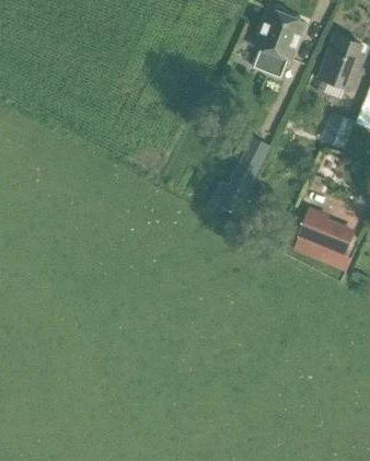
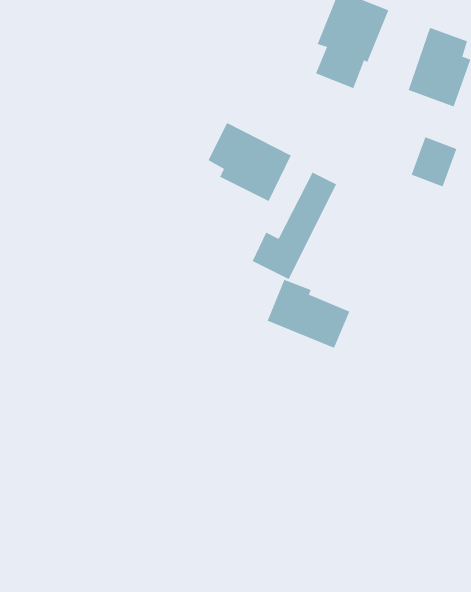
building: none -> [208,122,292,202]
building: [296,208,355,257] -> [267,279,350,348]

